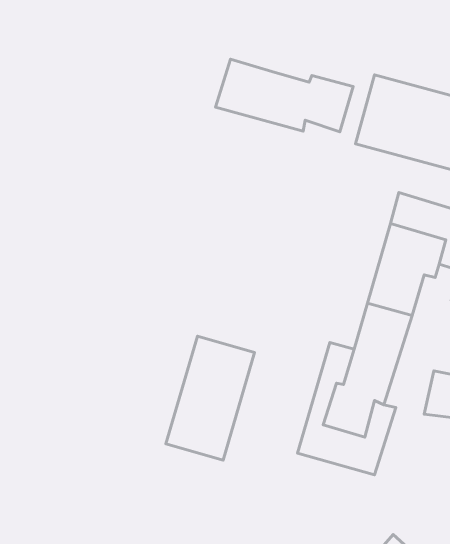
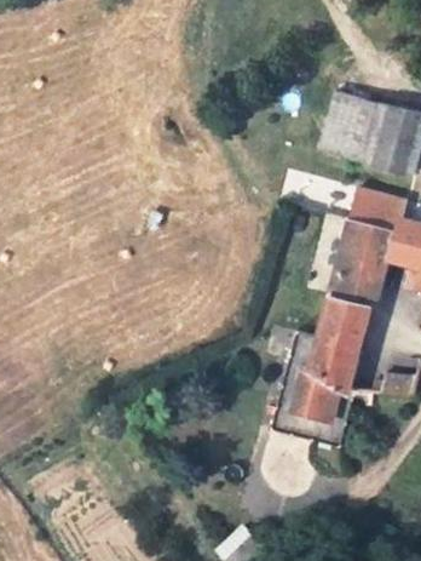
building: [215,59,353,132] -> none
building: [166,336,255,460] -> none

